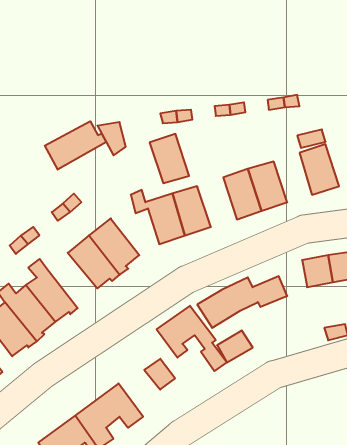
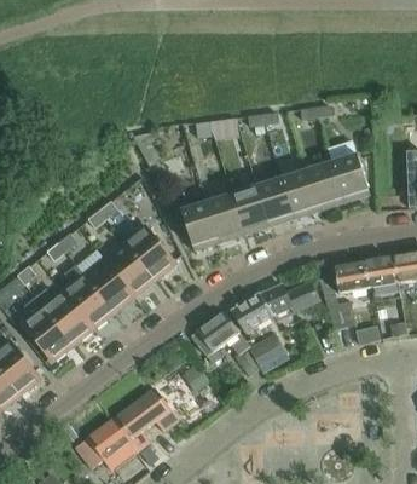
building: [45,121,106,170] -> none
building: [150,134,189,183] -> [231,186,270,235]
building: none -> [306,162,343,211]
building: none -> [83,260,133,315]
building: none -> [318,275,355,330]

